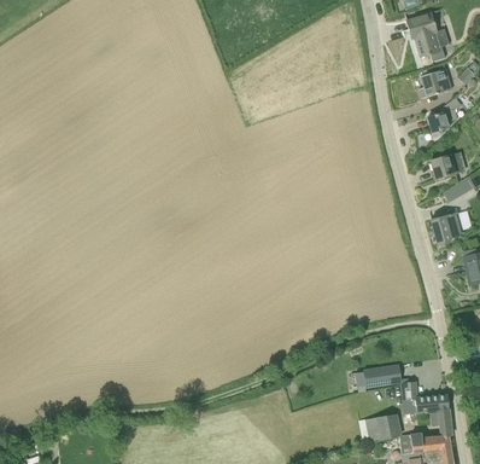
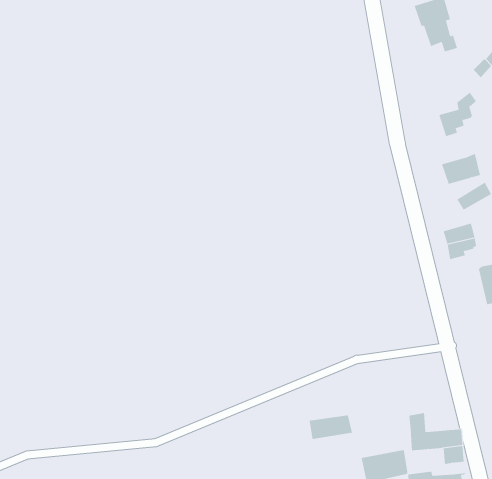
building: [418,69,451,98] -> none
building: [363,365,402,387] -> [309,415,353,440]

